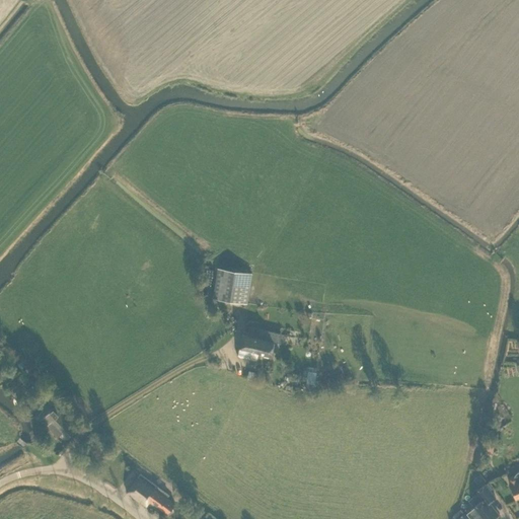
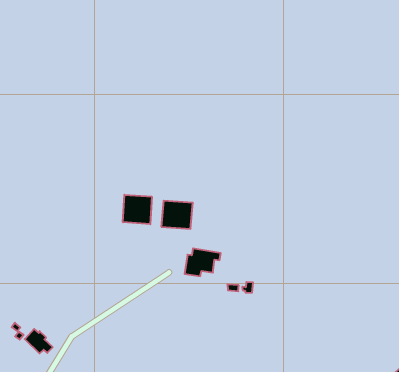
building: none -> [123,195,152,224]

